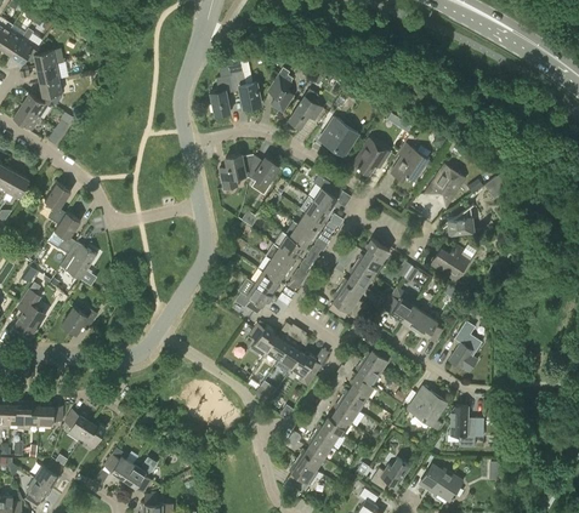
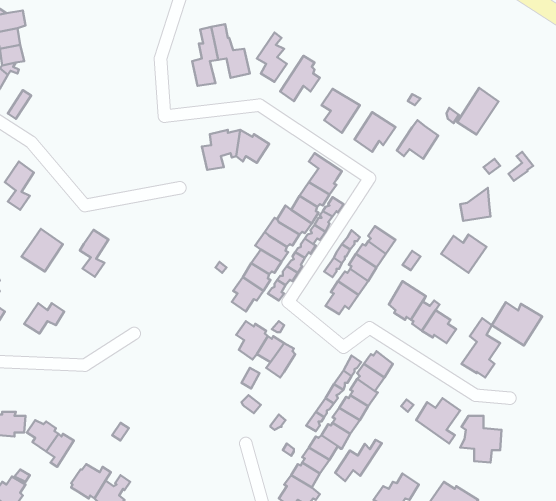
building: [426,165,462,206] -> [457,88,498,135]
building: [55,212,80,253] -> [80,230,109,277]
building: none -> [492,302,542,345]
building: [291,352,320,387] -> none
building: none -> [335,440,382,481]

